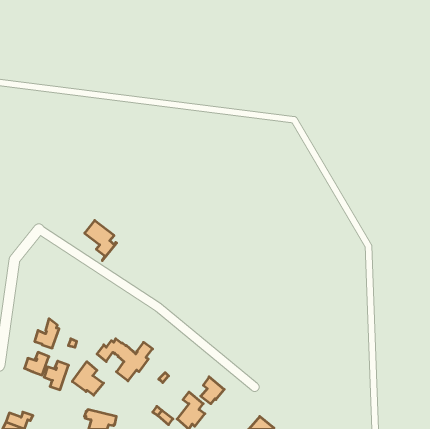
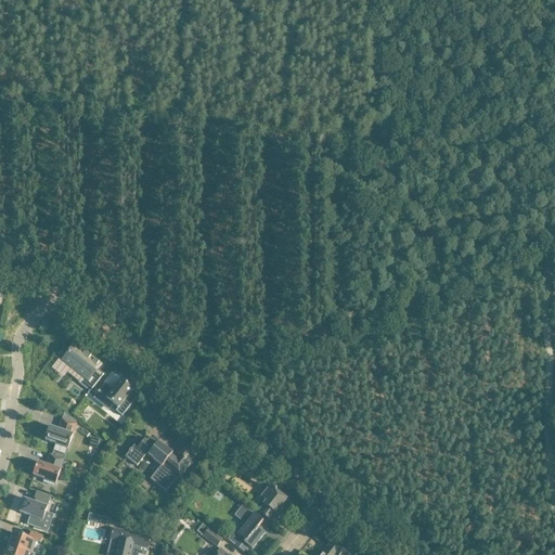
building: [85,220,117,261] -> [62,344,103,396]
building: none -> [93,378,135,415]
building: [44,361,69,390] -> [18,490,50,527]
building: [72,362,104,395] -> none

